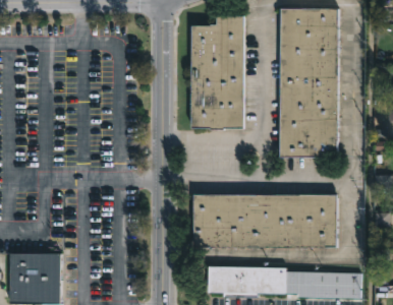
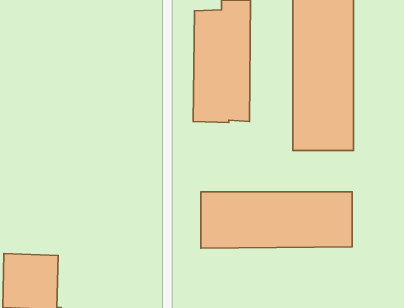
building: [209,266,361,298] -> none

